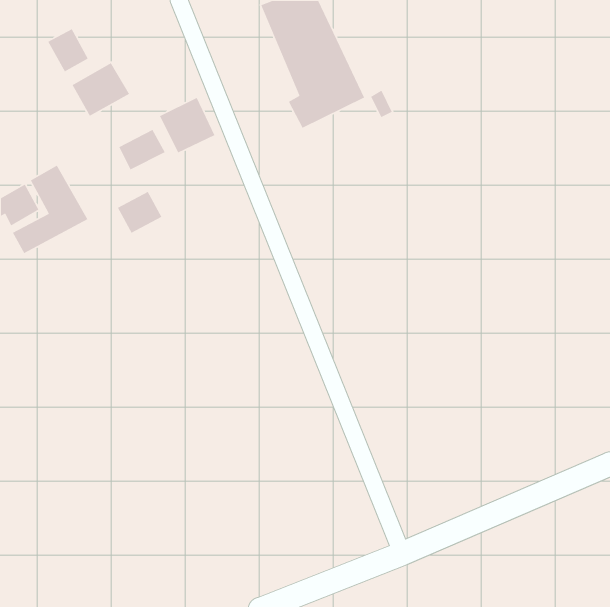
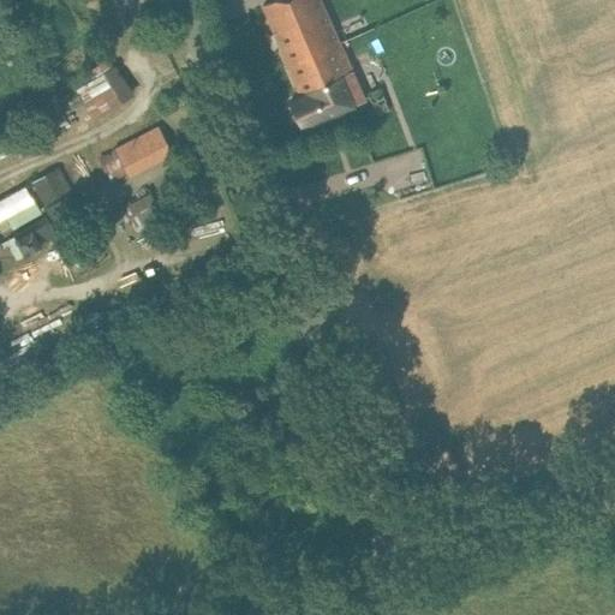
building: [47,28,89,73] -> none
building: [159,97,215,154] -> none

